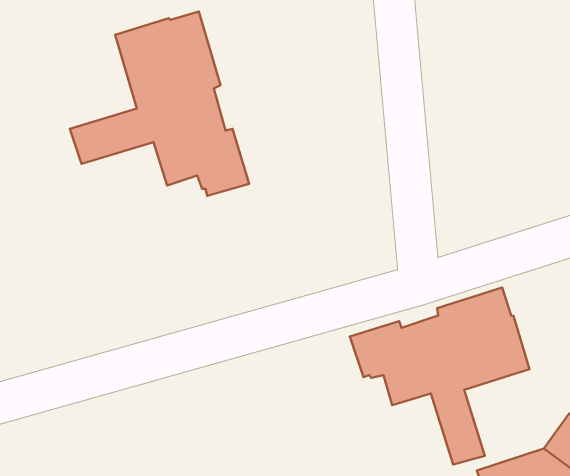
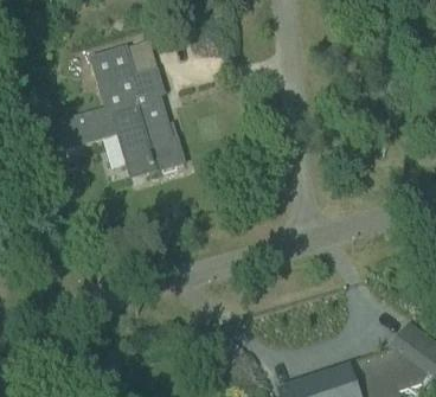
building: [350,288,529,465] -> none

